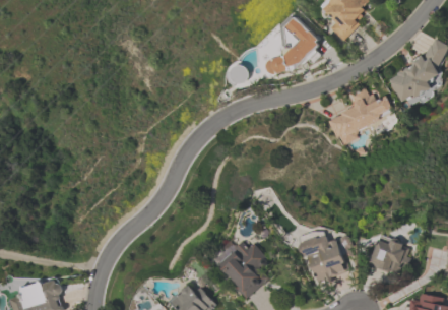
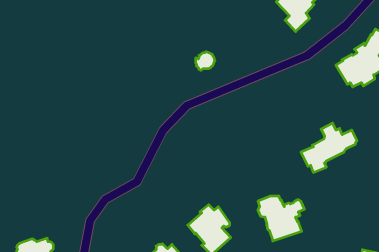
building: [265,15,320,74] -> none
building: [327,87,392,144] -> [301,123,357,172]
building: [370,235,408,270] -> none

